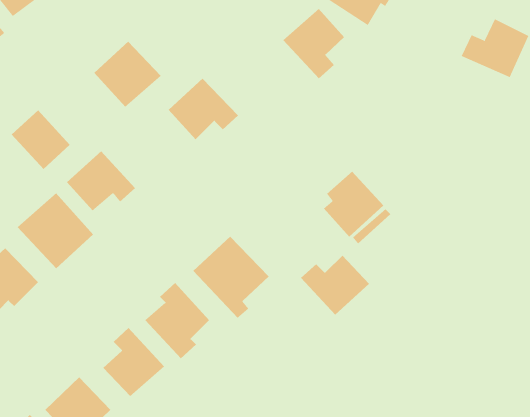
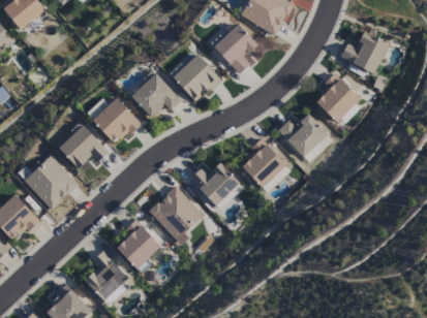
building: [93,41,162,108] -> [91,97,140,145]
building: none -> [172,54,220,102]
building: none -> [314,73,360,123]
building: [11,110,70,170] -> none
building: none -> [276,113,327,157]
building: [300,255,370,316] -> [189,162,239,205]

